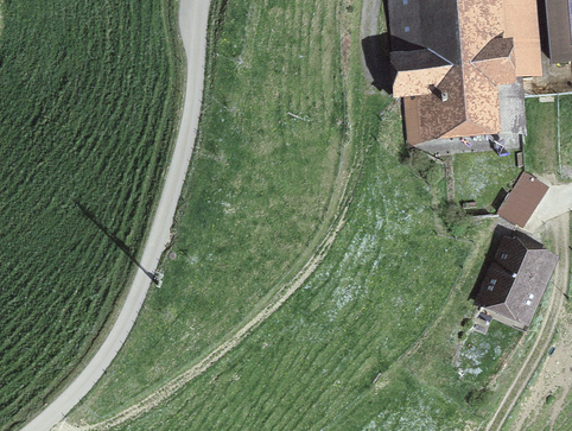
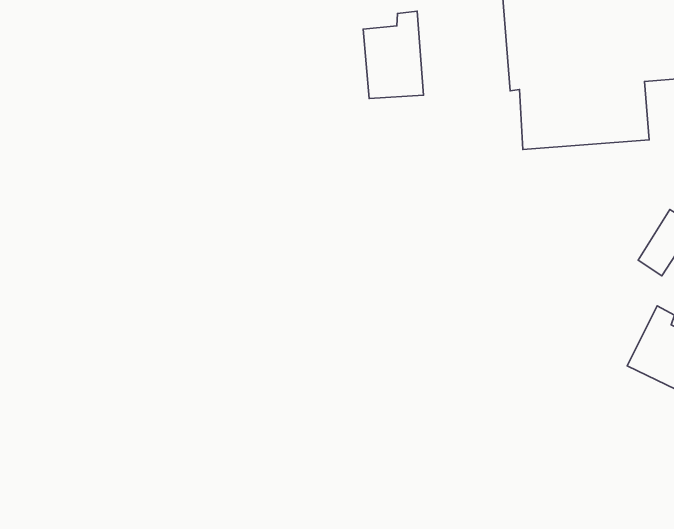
building: none -> [363,11,423,98]

